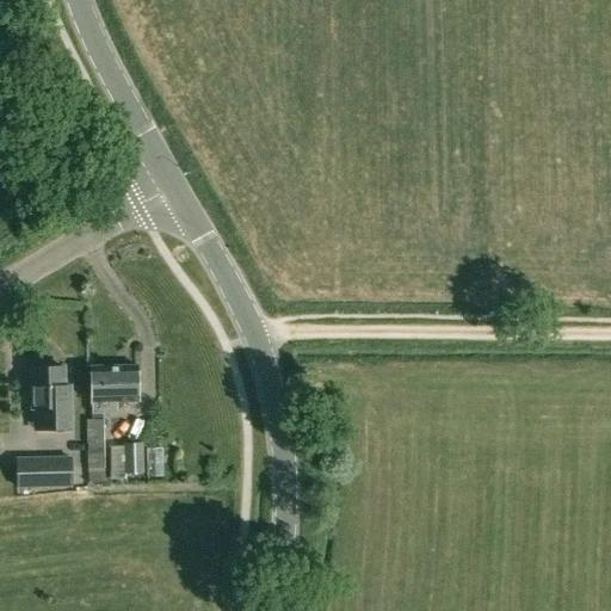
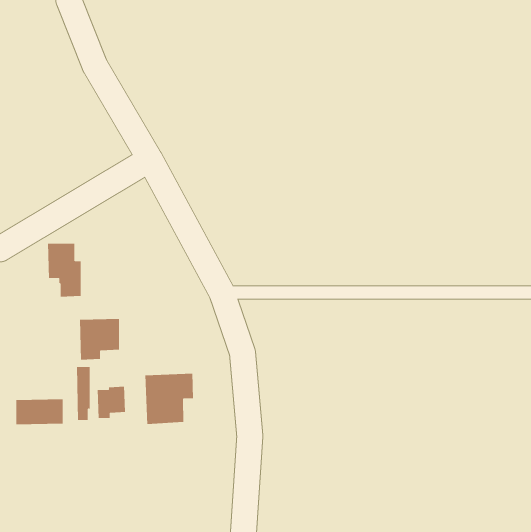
building: [32,368,72,430] -> [47,243,82,297]
building: none -> [145,373,193,425]

